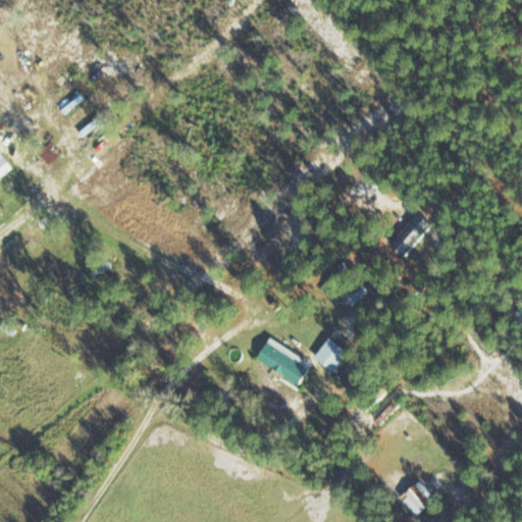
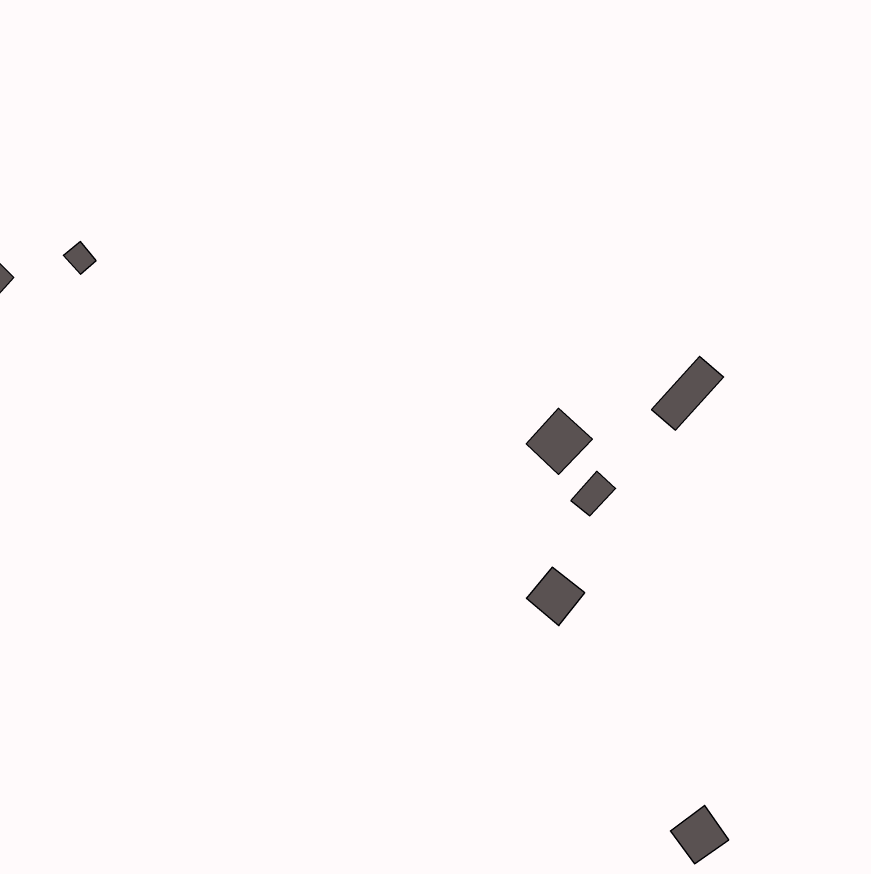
building: none -> [526,408,592,474]
building: [255,338,310,385] -> none

